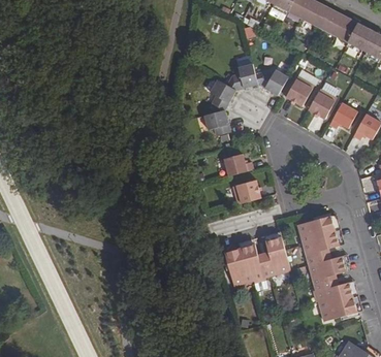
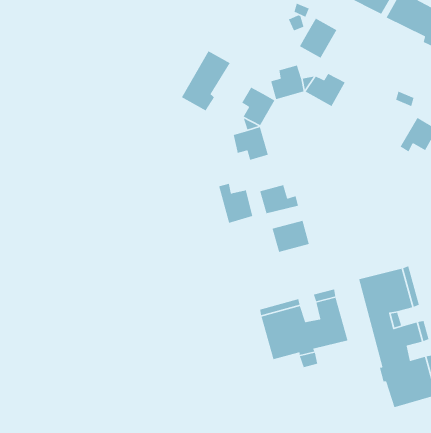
building: none -> [181,50,231,112]
building: [285,75,314,106] -> [299,18,337,59]
building: [308,89,336,119] -> none
building: none -> [218,183,253,224]

